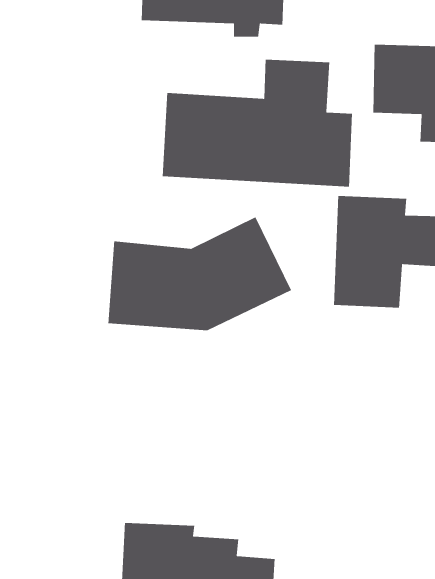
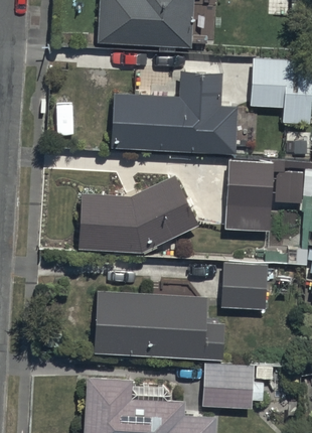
building: none -> [221,262,267,309]
building: none -> [88,290,223,358]
building: none -> [201,365,273,410]

